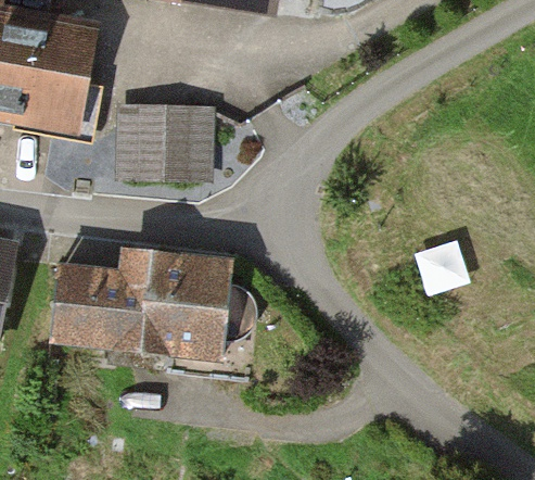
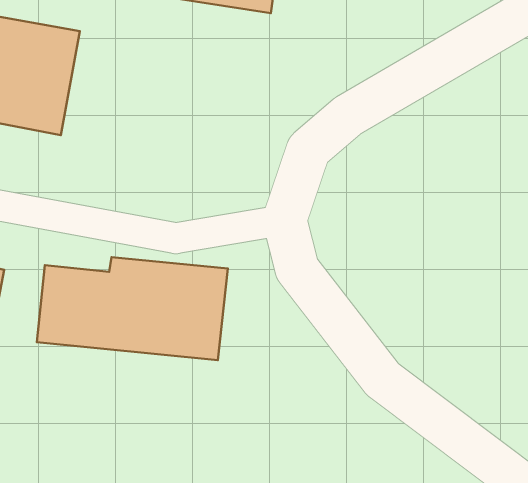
building: [117,101,215,186] -> none

